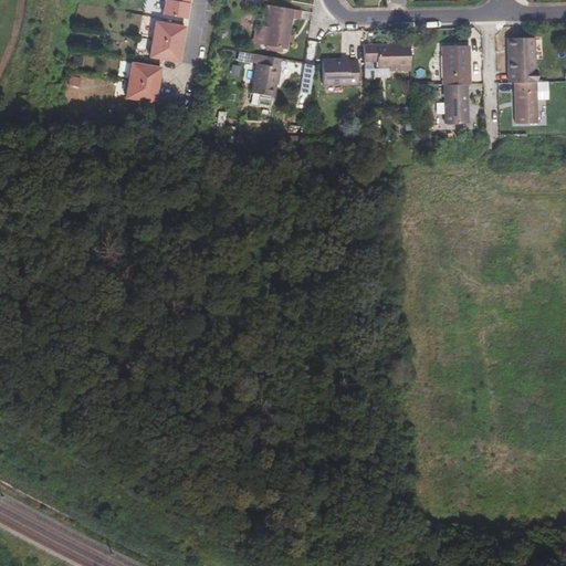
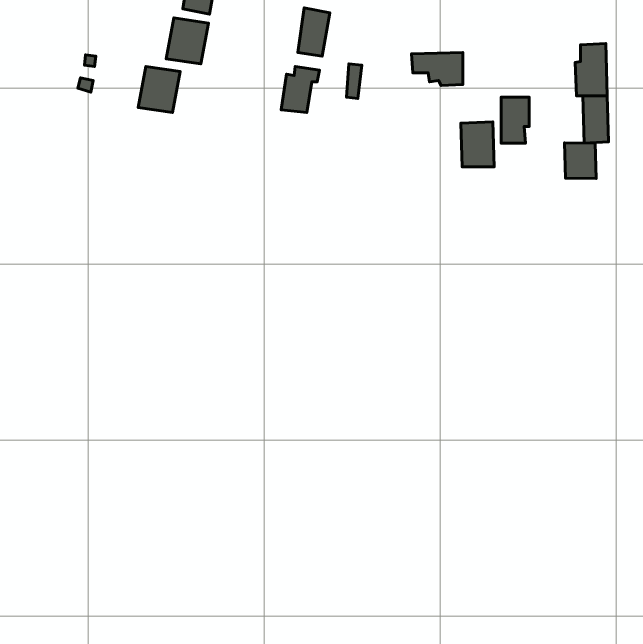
building: [441,45,470,84] -> [461,122,494,167]
building: [325,57,360,84] -> none
building: none -> [564,143,596,178]

